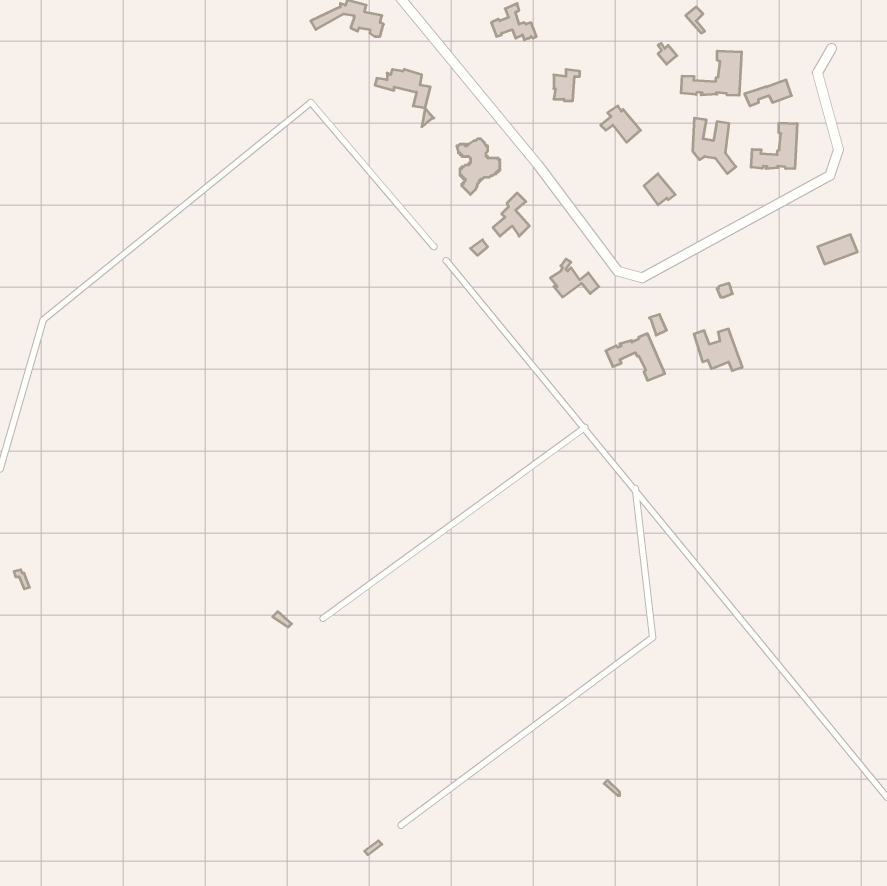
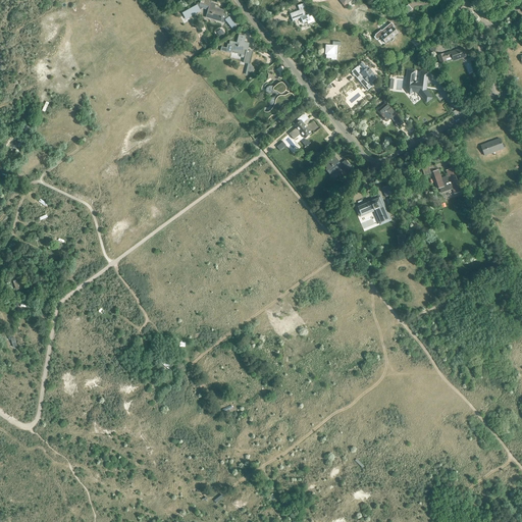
building: [681,51,741,95] -> none
building: [751,123,797,169] -> none
building: [694,329,742,371] -> [432,168,461,193]

